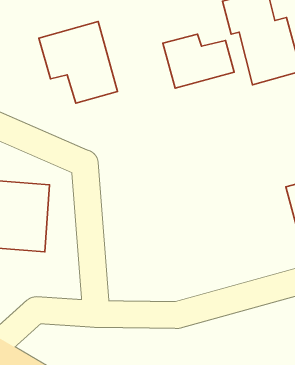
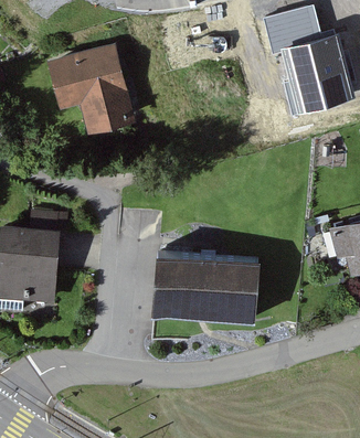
building: [163,34,234,88] -> none
building: none -> [152,253,257,322]

